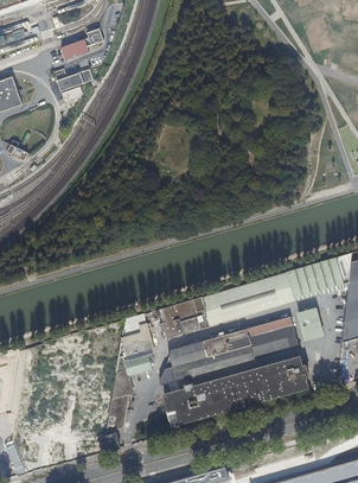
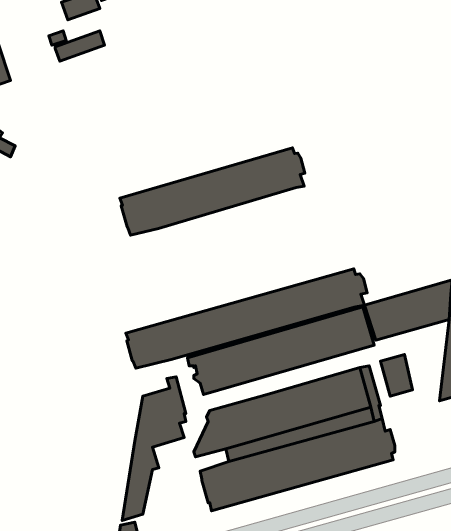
building: none -> [120,148,305,235]
building: none -> [126,269,367,368]

